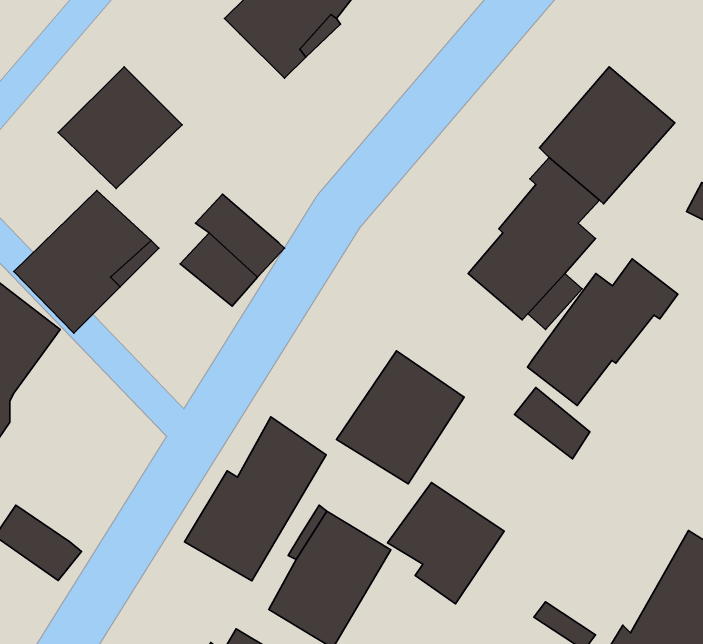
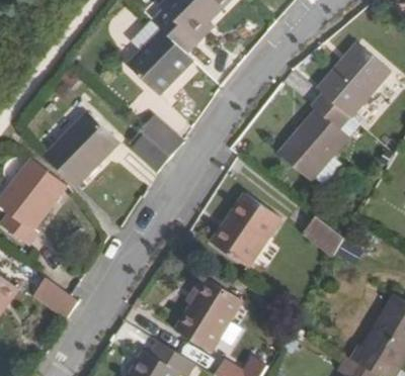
building: [58,67,182,189] -> [127,30,191,94]
building: [527,259,678,405] -> none
building: [185,417,326,581] -> none
building: [387,482,504,604] -> none

